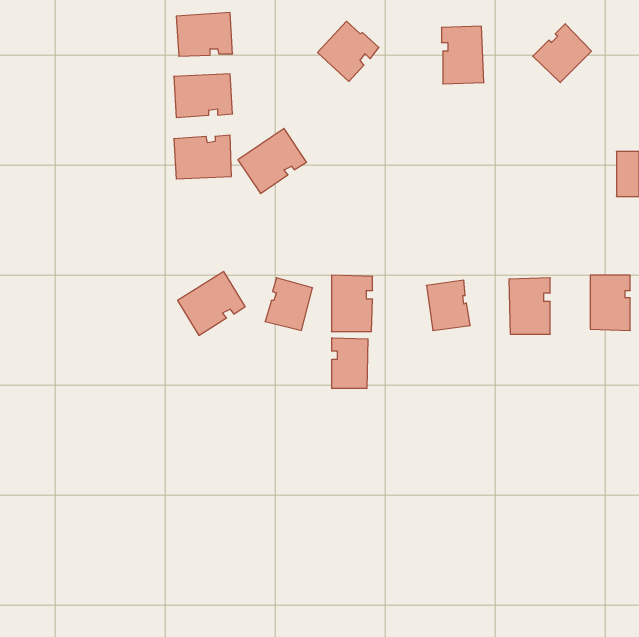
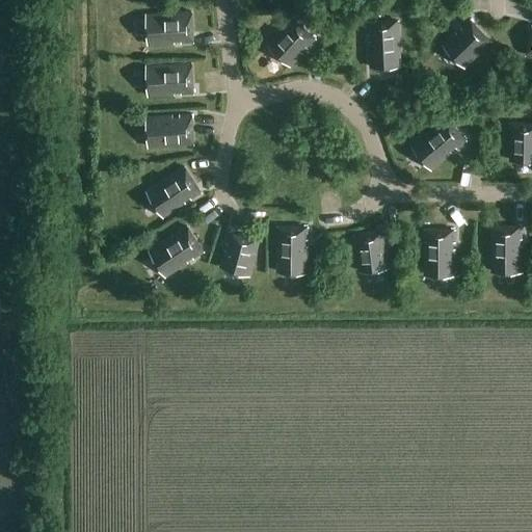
building: [238,128,307,194] -> [147,166,204,220]
building: none -> [411,117,469,174]
building: [332,338,368,389] -> none

